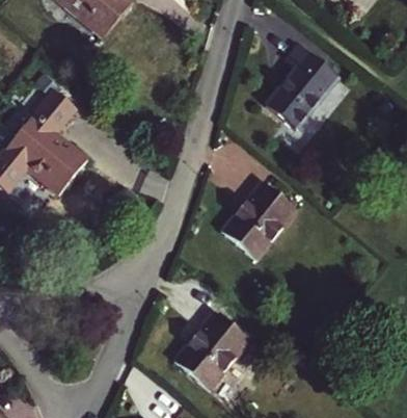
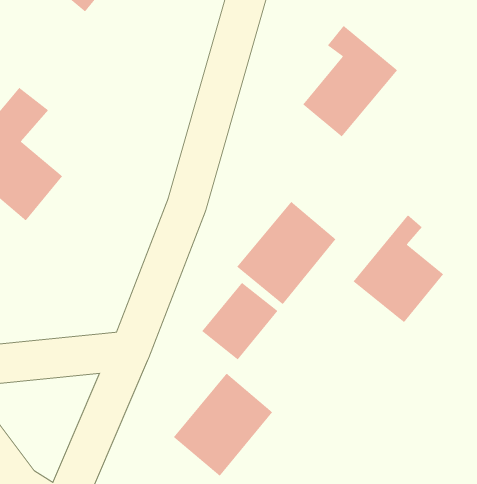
building: none -> [353,214,444,323]
building: none -> [201,282,278,360]

